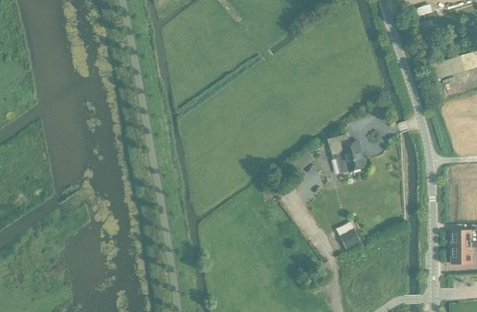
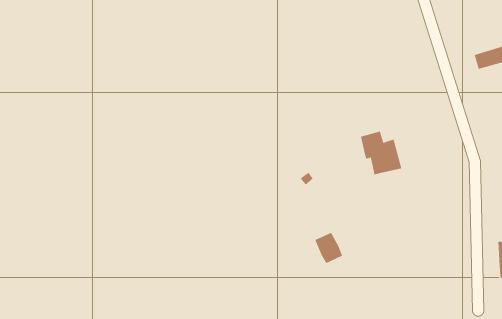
building: [336,221,361,249] -> [314,232,343,264]

